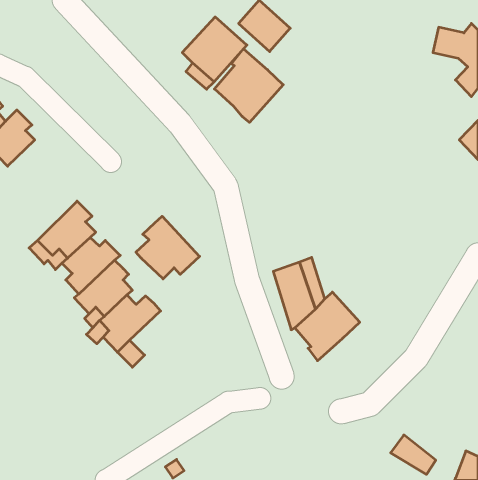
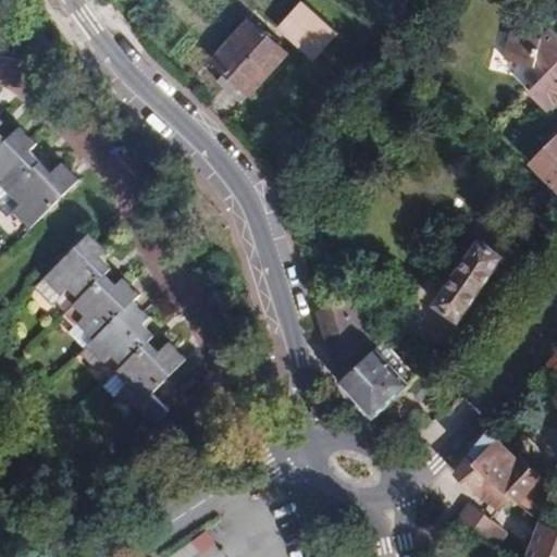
building: [214,49,283,122] -> none
building: none -> [9,162,79,228]
building: none -> [434,240,502,321]
building: [136,216,200,279] -> none
building: none -> [454,431,541,510]

